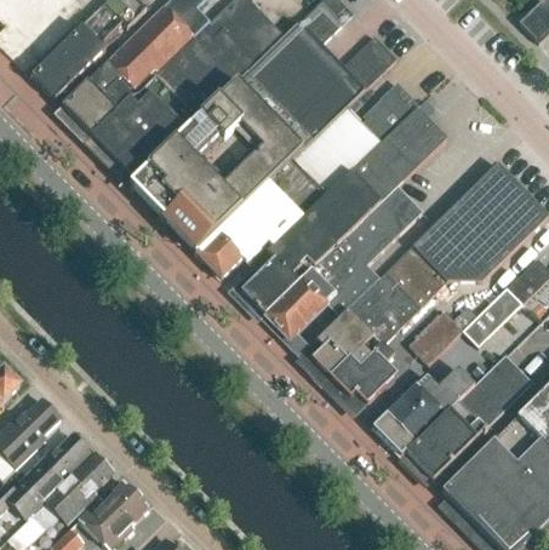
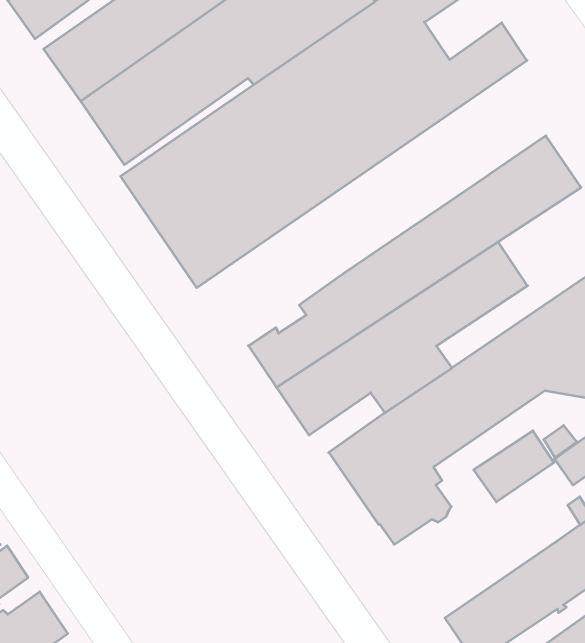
building: [365,85,419,138] -> none
building: [199,108,383,279] -> none
building: [372,367,474,457] -> none

